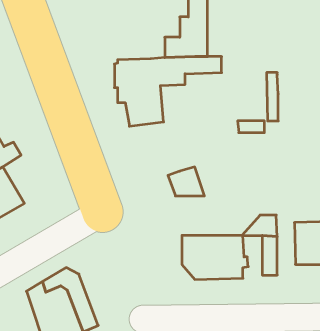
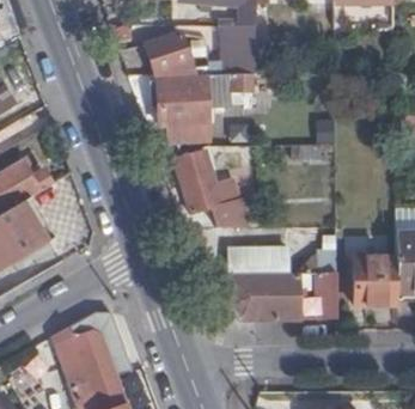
building: none -> [147,35,194,77]
building: none -> [175,152,226,212]
building: none -> [228,248,288,273]

